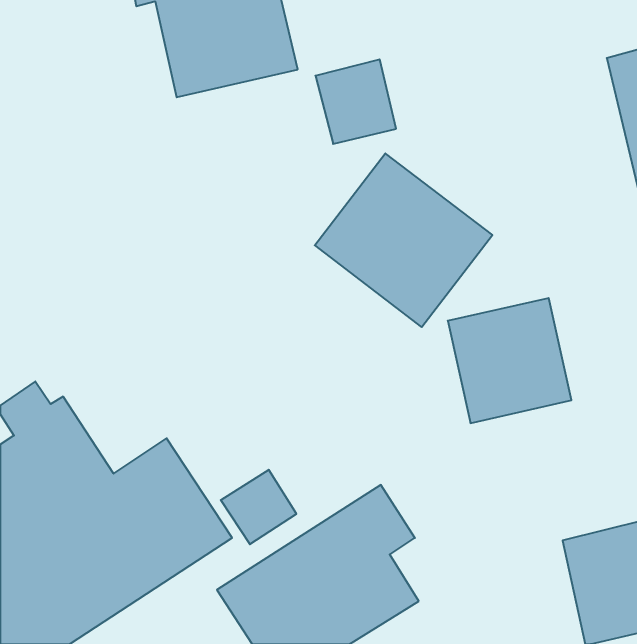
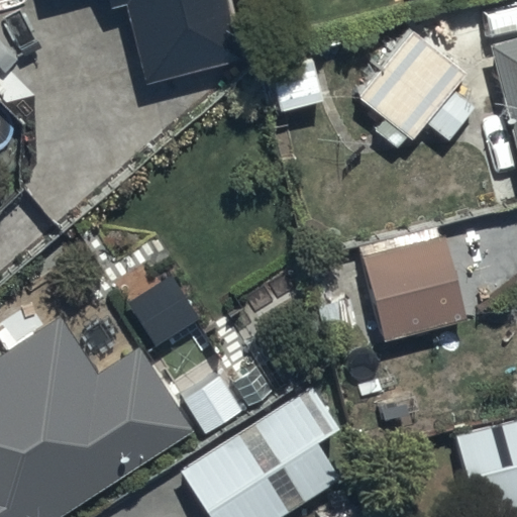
building: none -> [356,30,478,142]
building: [315,153,492,327] -> none

